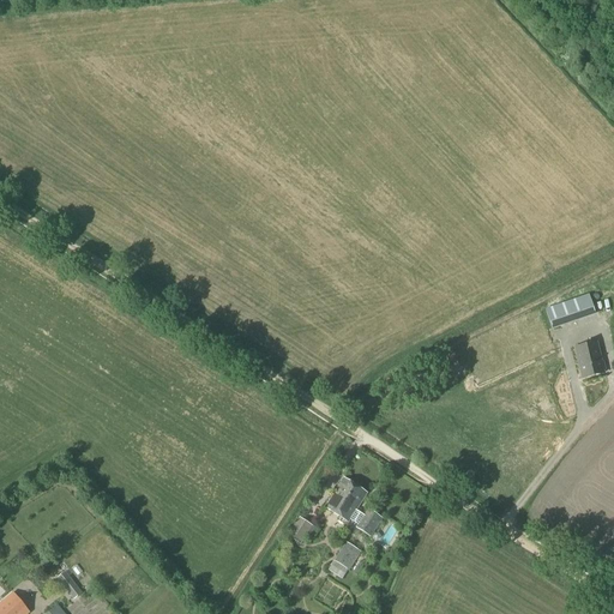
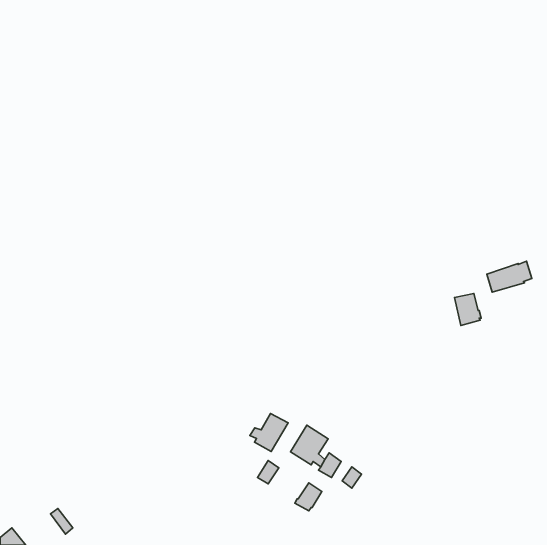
building: [576,341,606,377] -> [454,293,481,326]
building: none -> [250,413,288,451]

